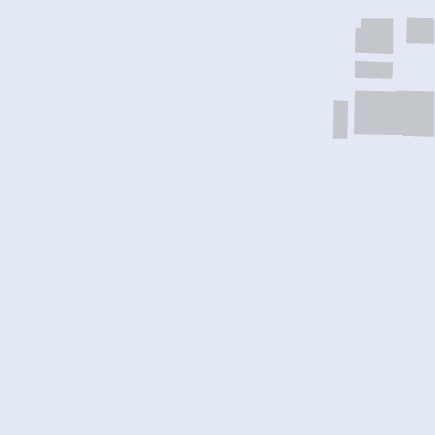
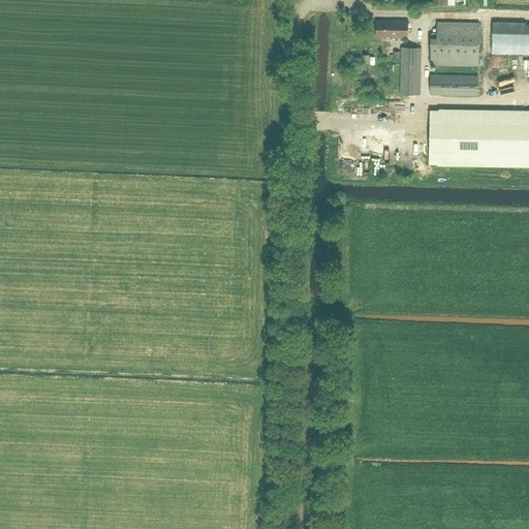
building: none -> [375,20,408,38]
building: [332,100,349,139] -> [400,46,421,94]

